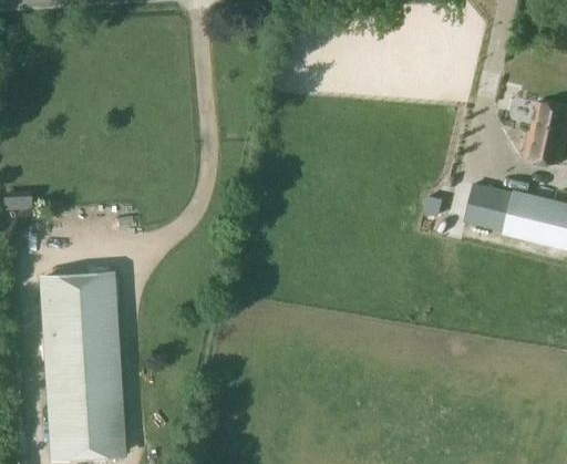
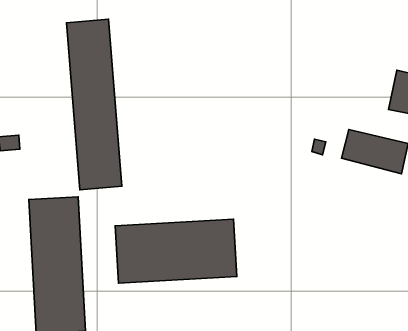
building: none -> [66,19,122,190]
building: none -> [115,219,237,283]

